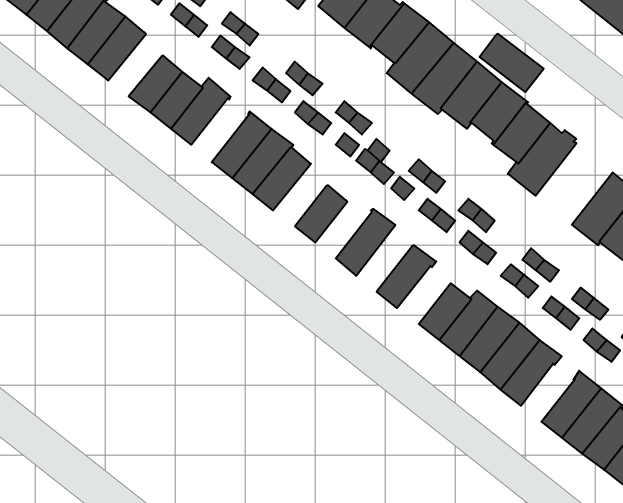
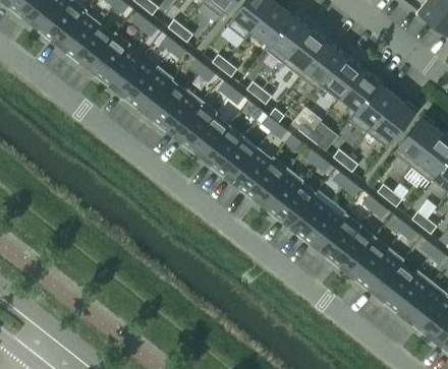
building: none -> [88,33,130,79]
building: [480,34,544,92] -> none
building: none -> [146,80,186,125]
building: none -> [393,117,440,169]
building: none -> [203,126,244,170]
building: none -> [232,147,272,192]
building: none -> [261,169,303,216]
building: none -> [289,197,327,238]
building: none -> [376,265,413,306]

